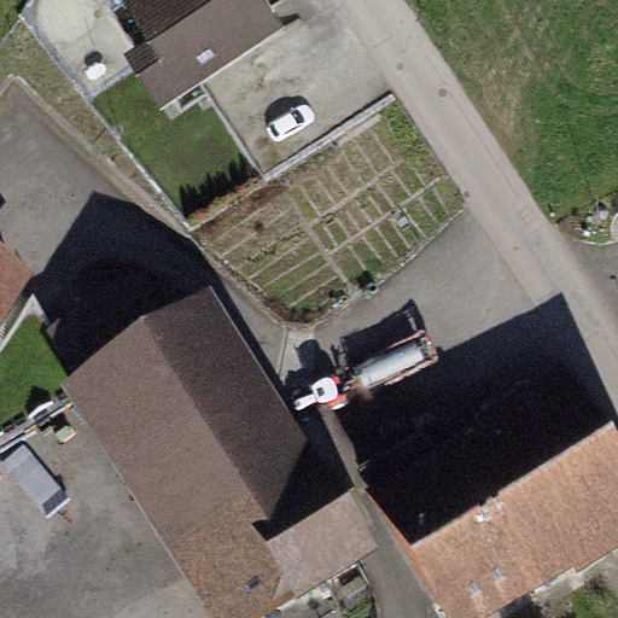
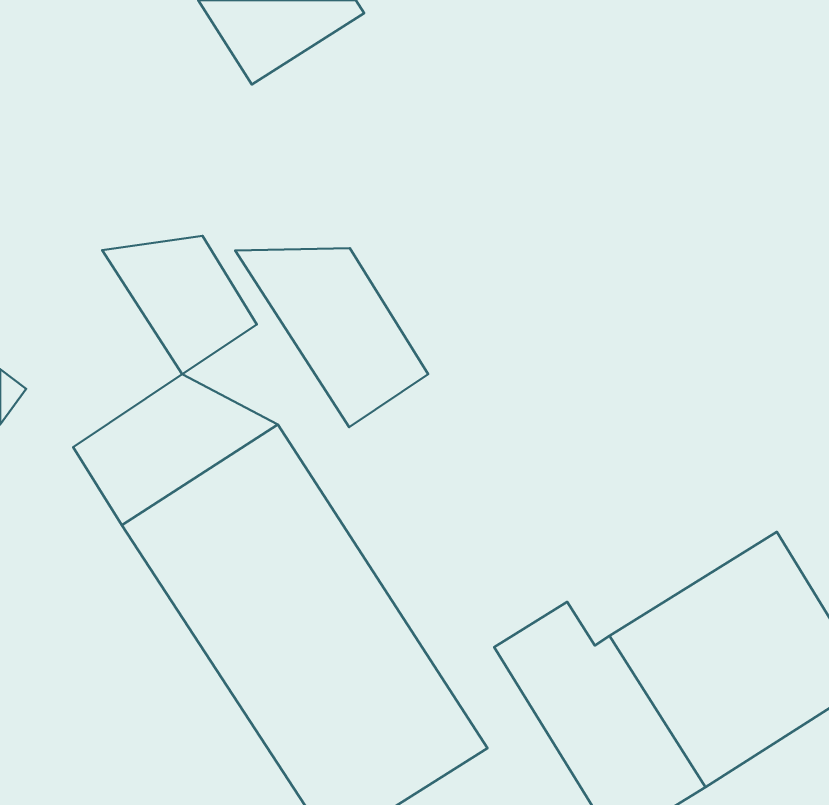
building: none -> [102,236,257,374]
building: none -> [235,248,428,427]

